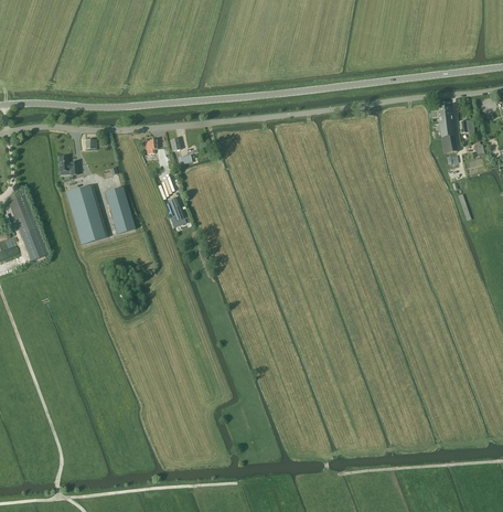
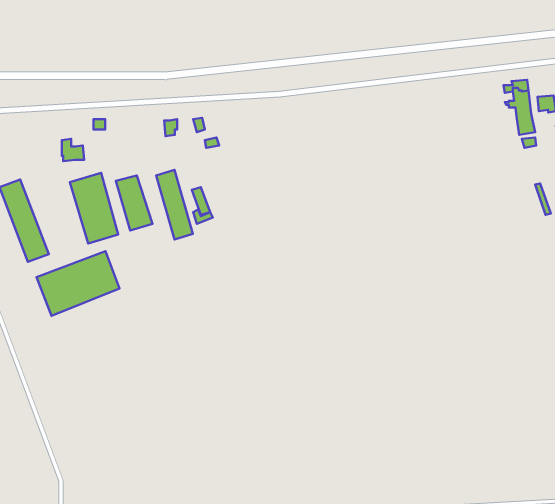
building: none -> [156,170,193,239]
building: none -> [37,251,120,316]

